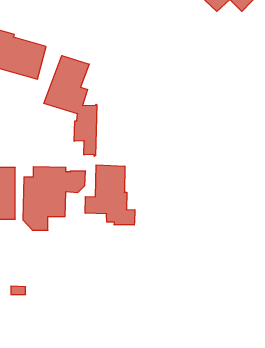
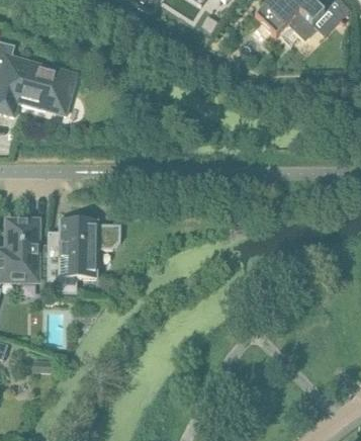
building: [44,56,97,156] -> none
building: [85,165,135,225] -> none

